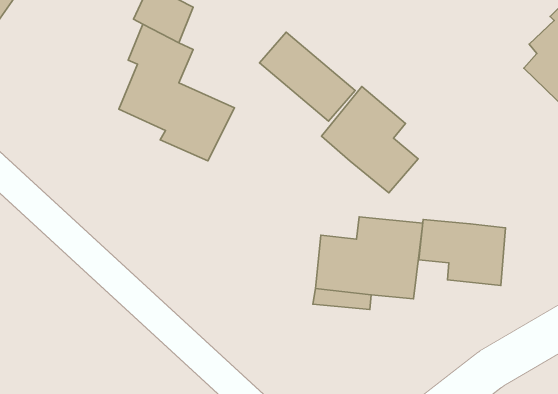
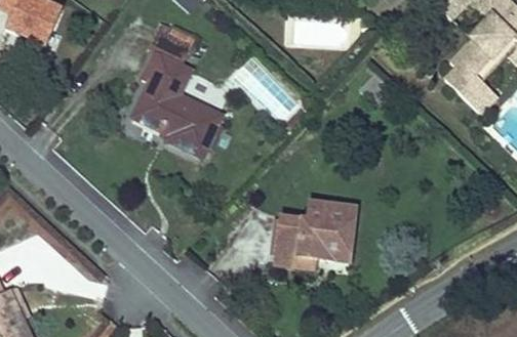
building: [321,87,418,193] -> none
building: [419,220,506,285] -> none

